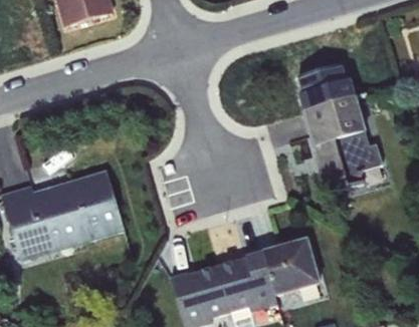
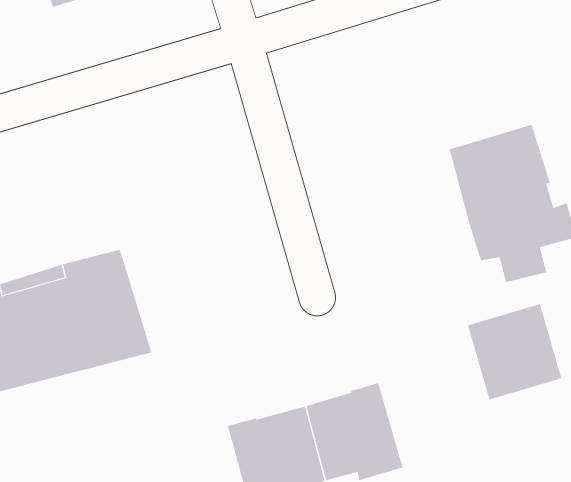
building: [297,63,355,111] -> none
building: [262,239,320,297] -> [467,303,562,400]

